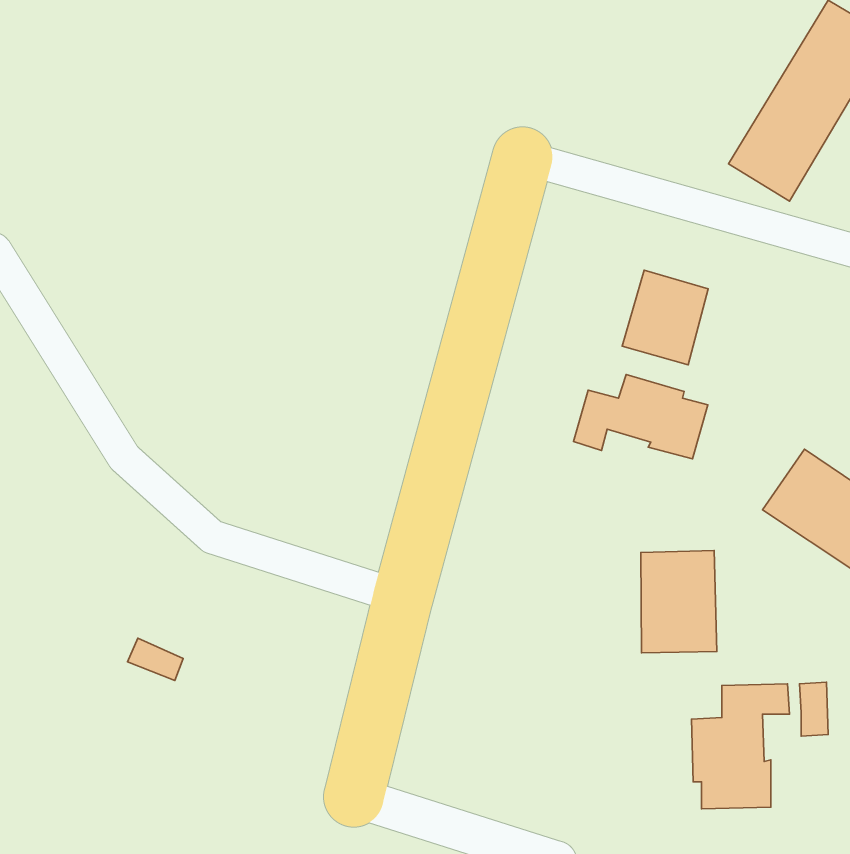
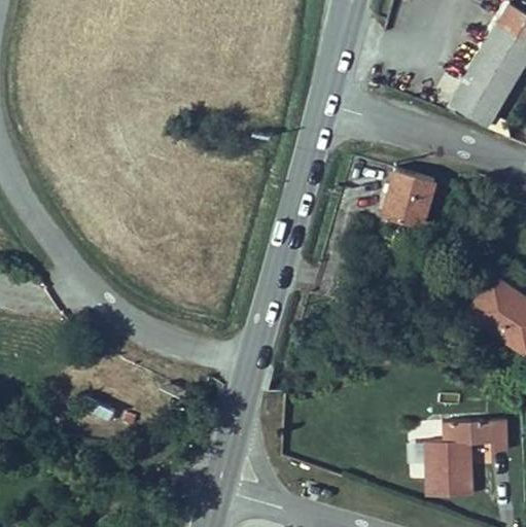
building: [573,375,708,459] -> none
building: [641,551,717,653] -> none

